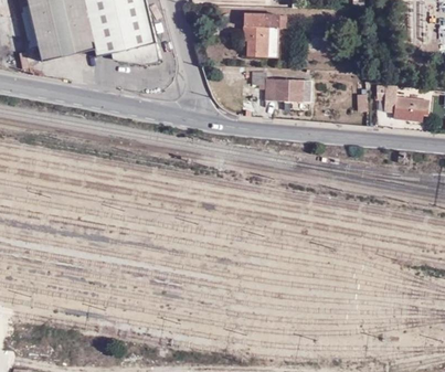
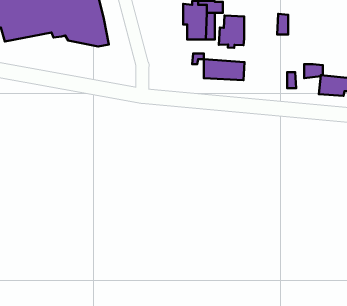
building: none -> [219,15,244,48]

